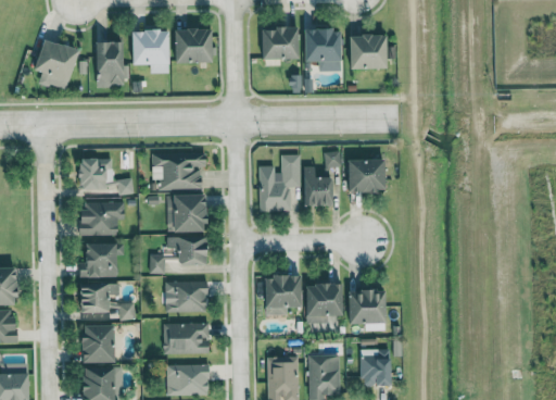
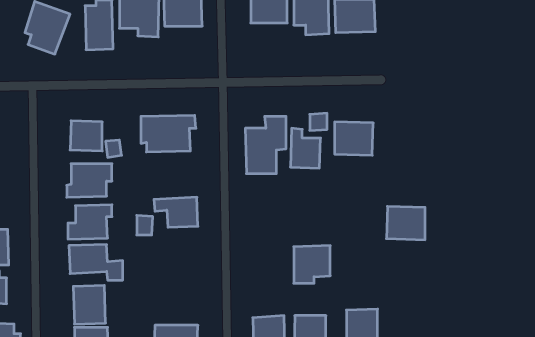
building: [166,195,208,233] -> none
building: [265,276,303,315] -> none
building: [164,282,207,313] -> none
building: [348,290,387,324] -> [386,206,425,240]
building: [162,323,210,354] -> none

